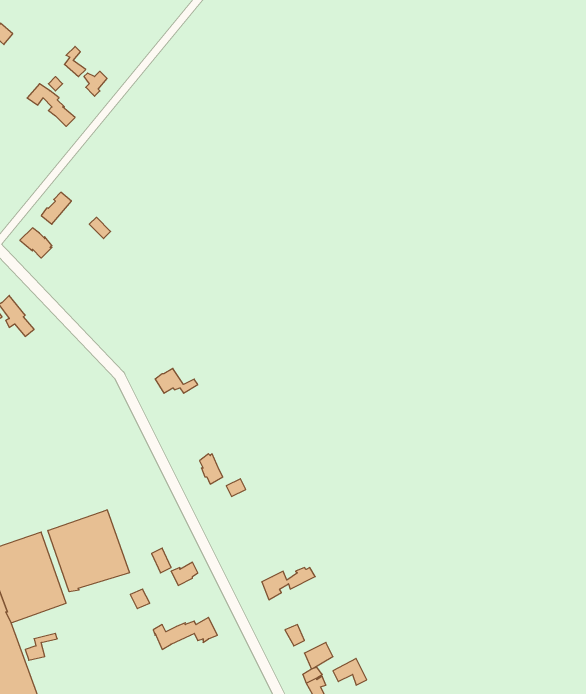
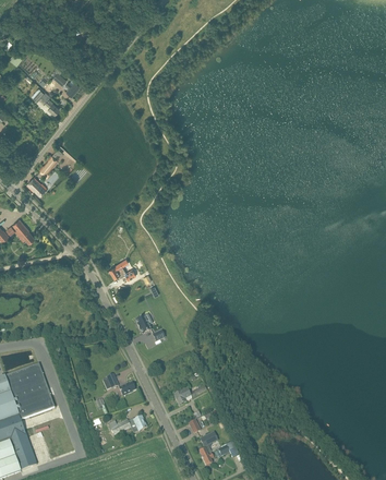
building: [48,510,129,592] -> none

